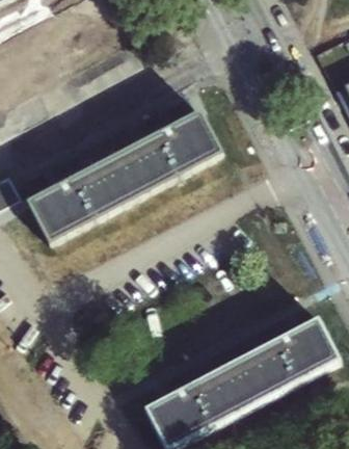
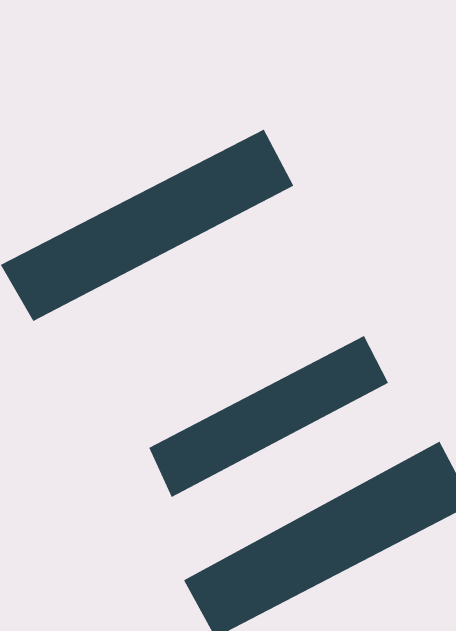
building: none -> [148,335,389,498]

